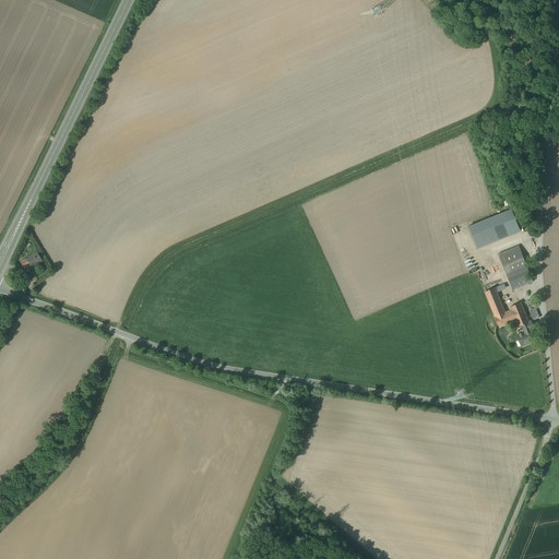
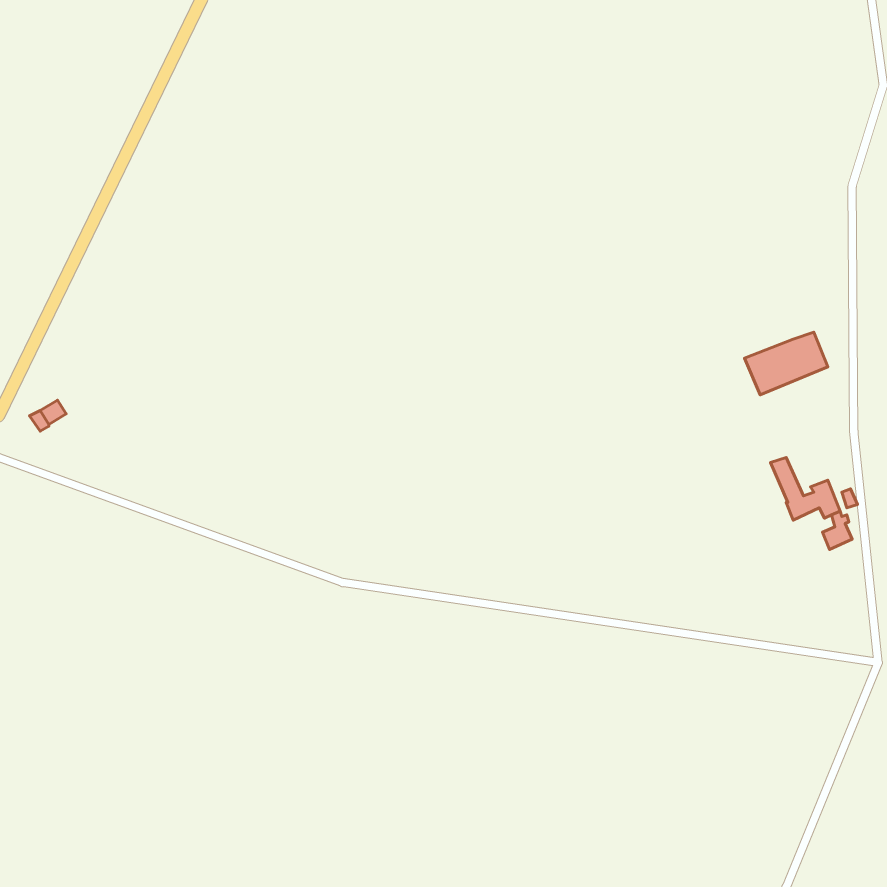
building: [497,245,532,289] -> none

